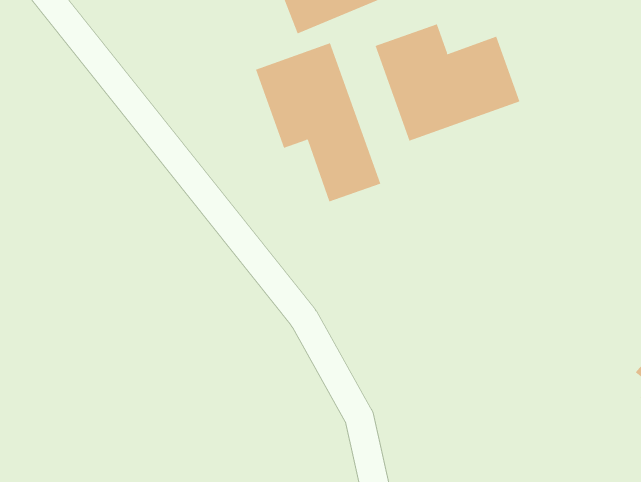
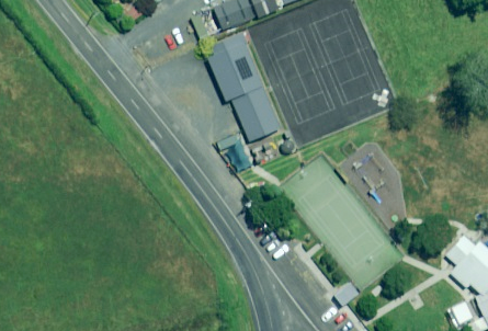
building: [375,24,520,141] -> none

